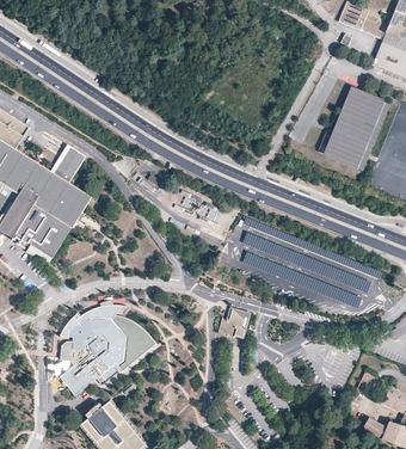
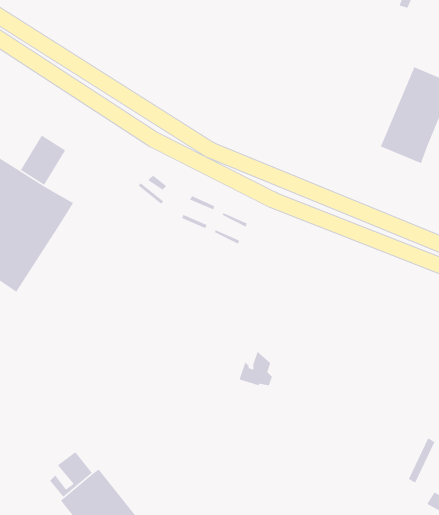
building: [59,306,155,395] -> none

